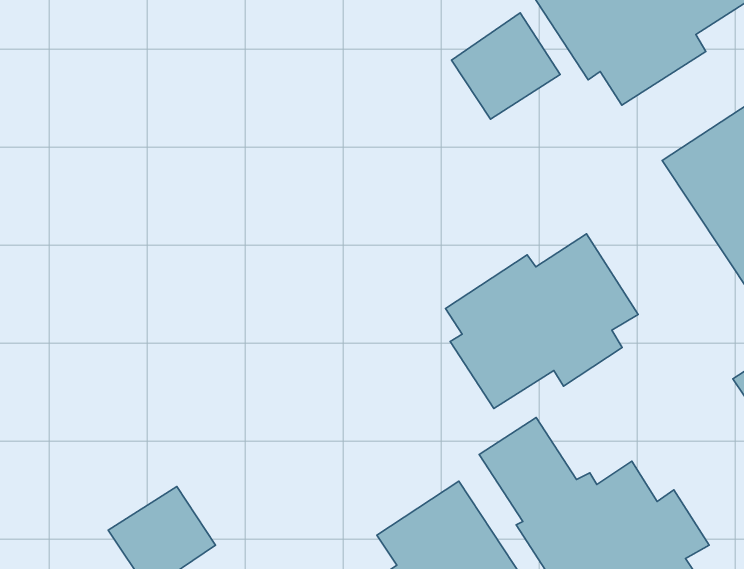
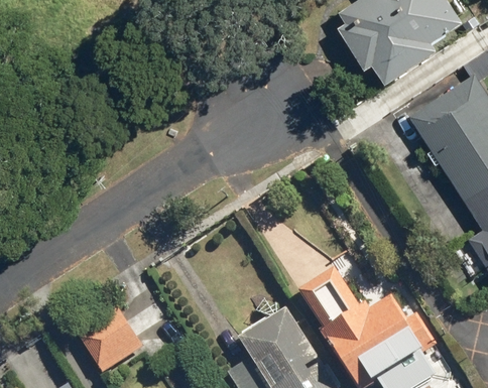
building: [451,13,560,119] -> none
building: [446,234,638,409] -> none

